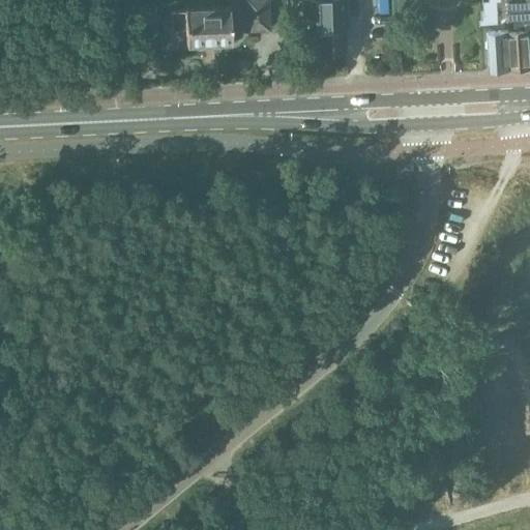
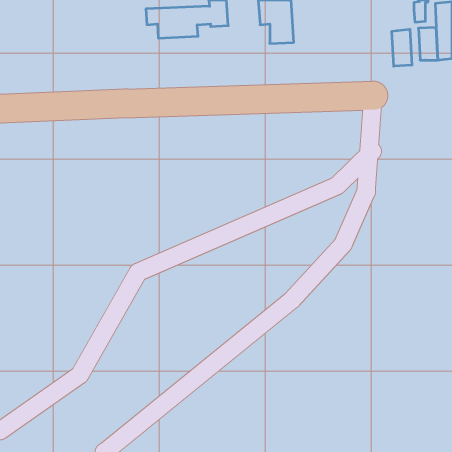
building: none -> [392,29,412,66]

